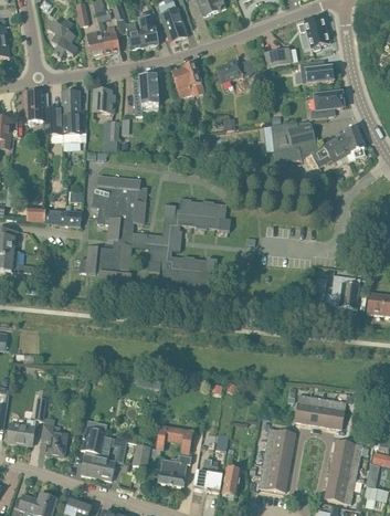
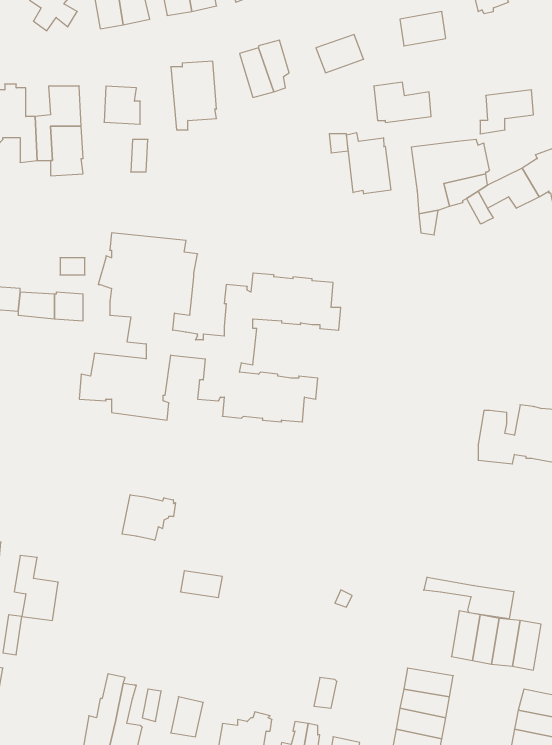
building: [299,60,333,83] -> [374,82,431,122]
building: none -> [347,133,391,194]
building: none -> [122,495,175,540]
building: none -> [424,577,514,619]
building: [41,418,66,455] -> [14,556,58,620]
building: [150,424,192,455] -> none

